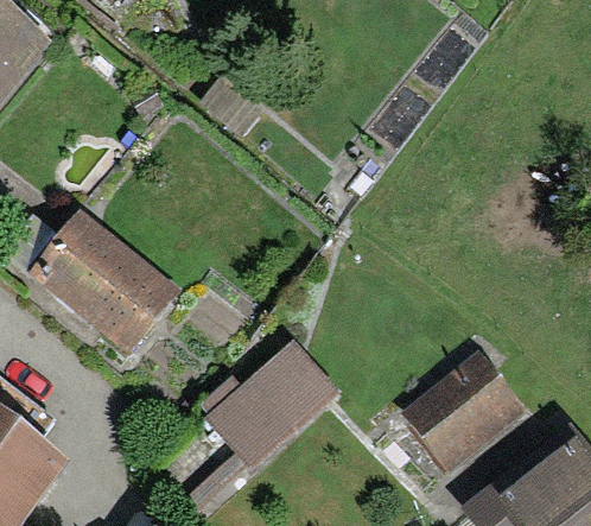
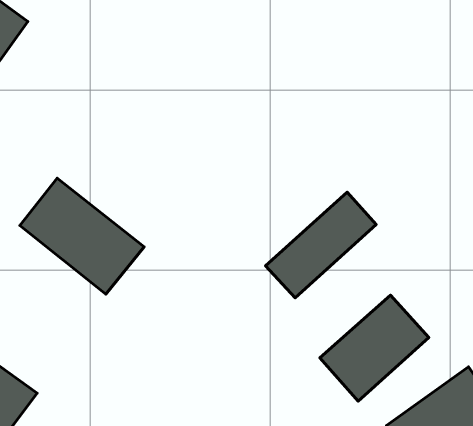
building: none -> [266,192,376,298]
building: [206,344,341,473] -> none

